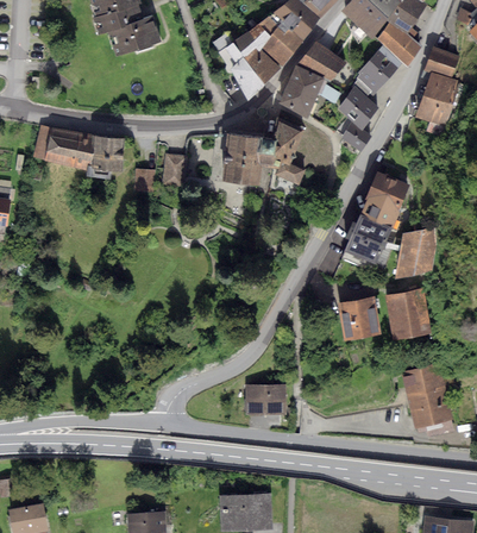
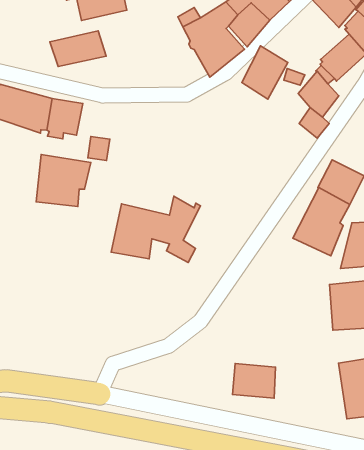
building: [295,42,344,82] -> none
building: none -> [50,31,106,66]
building: [220,120,305,184] -> [111,196,200,262]
building: [162,153,186,186] -> none
building: none -> [36,154,91,207]
building: [337,296,379,340] -> none
building: [244,384,285,415] -> [232,364,276,398]

